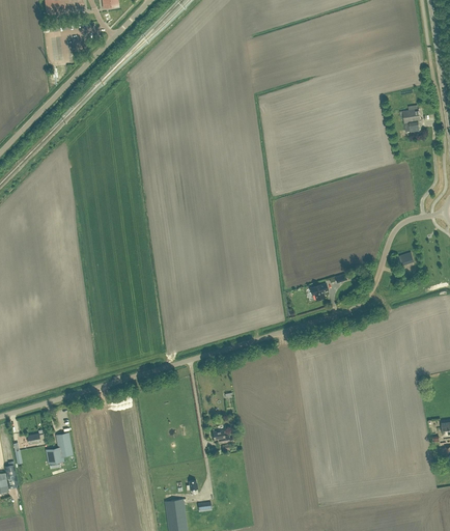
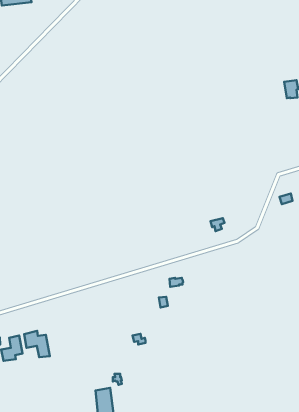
building: none -> [24,331,50,357]

